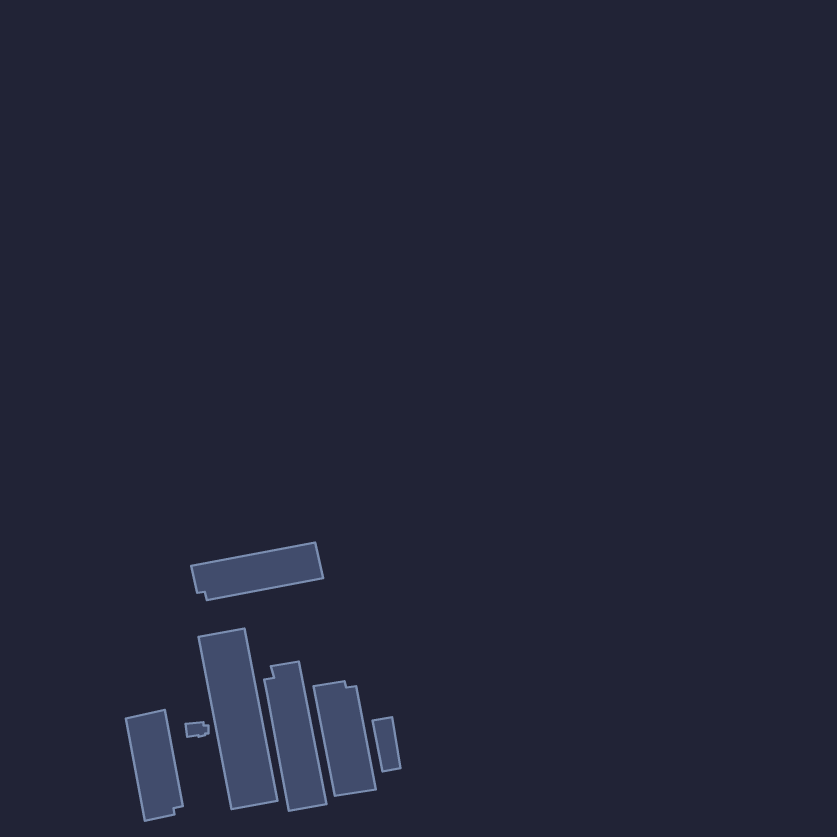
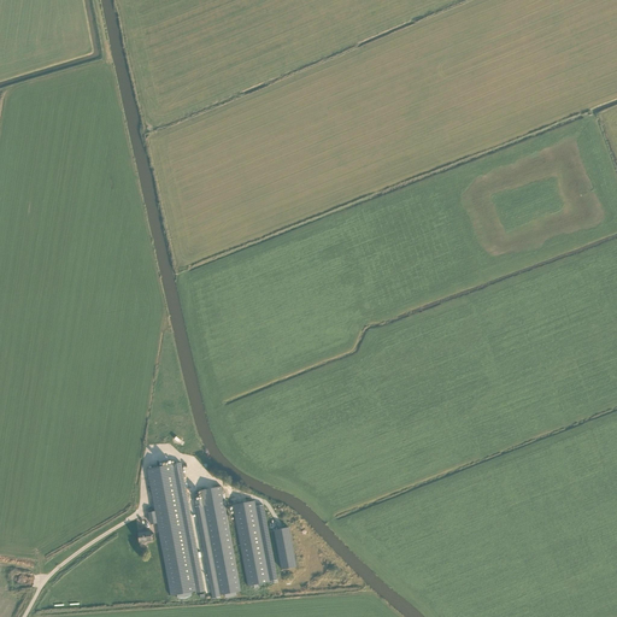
building: [191,542,323,600] -> none
building: [126,710,183,821] -> none

